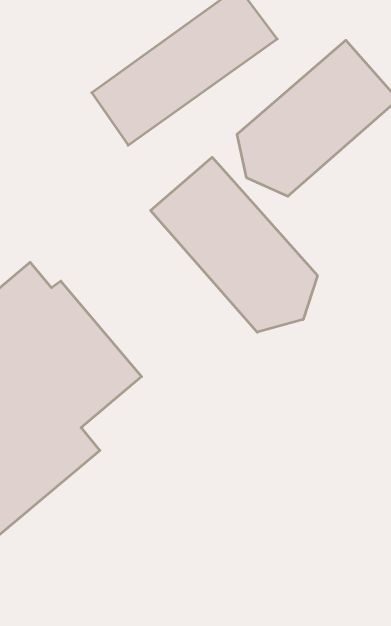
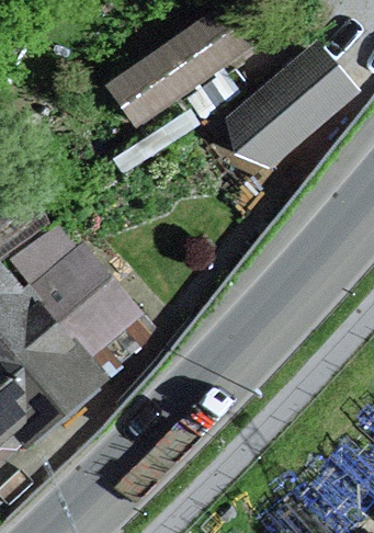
building: [151,157,317,332] -> none

